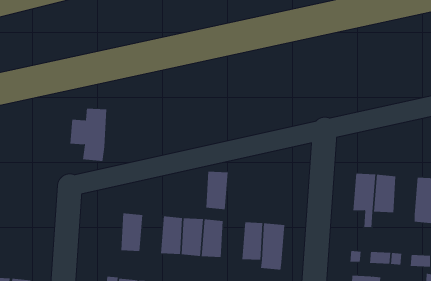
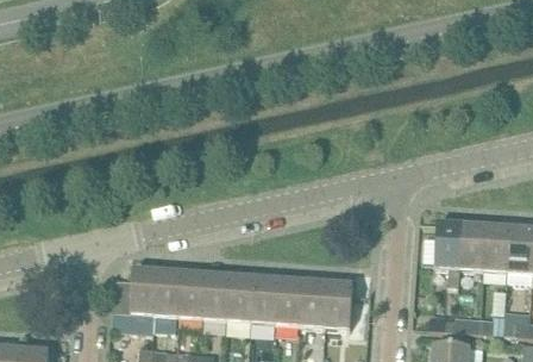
building: [69,108,107,162] -> [113,269,158,333]
building: [206,171,228,210] -> [277,280,305,326]
building: none -> [484,226,512,273]
building: none -> [180,273,207,319]

